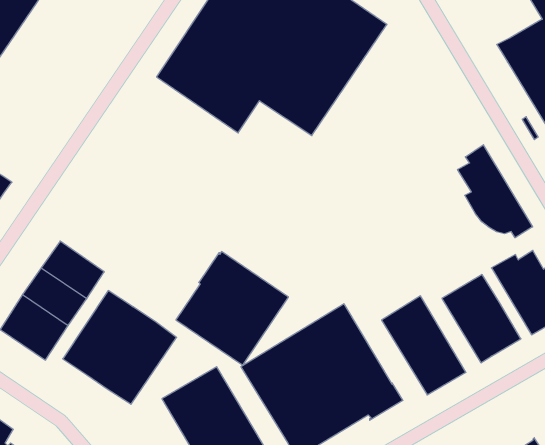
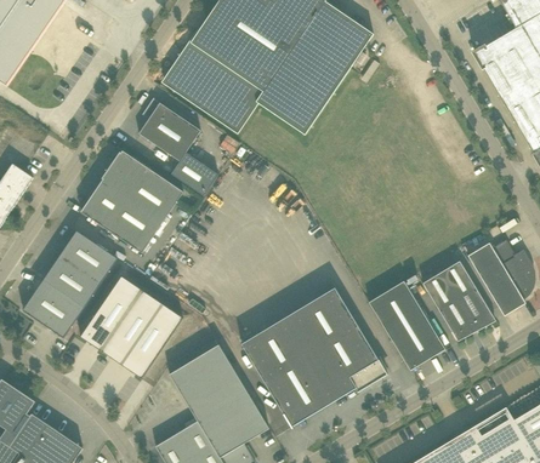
building: none -> [138,97,216,195]
building: [458,145,533,238] -> none
building: [176,252,288,365] -> [80,150,182,253]

